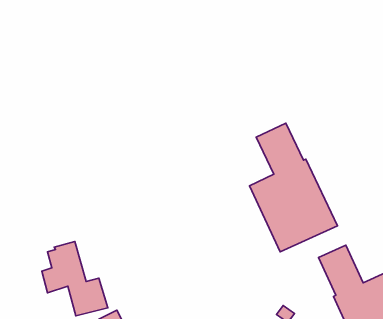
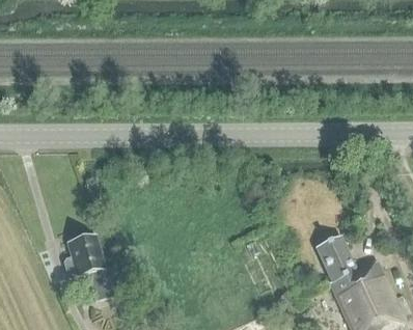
building: [250,123,338,252] -> none

